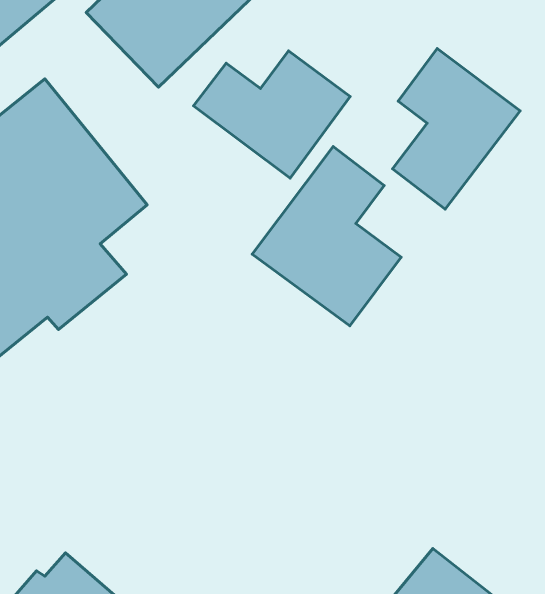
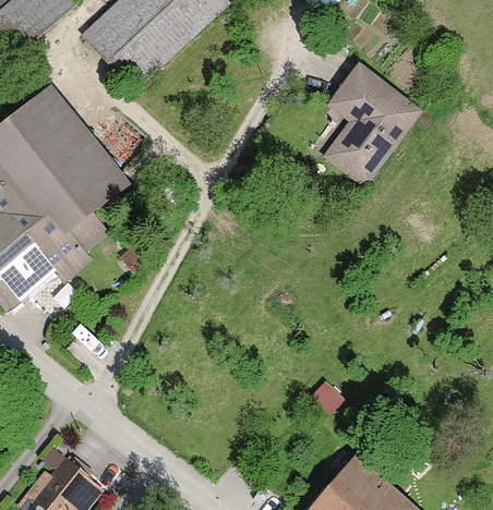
building: [194,51,350,178] -> none
building: [252,146,401,326] -> none

